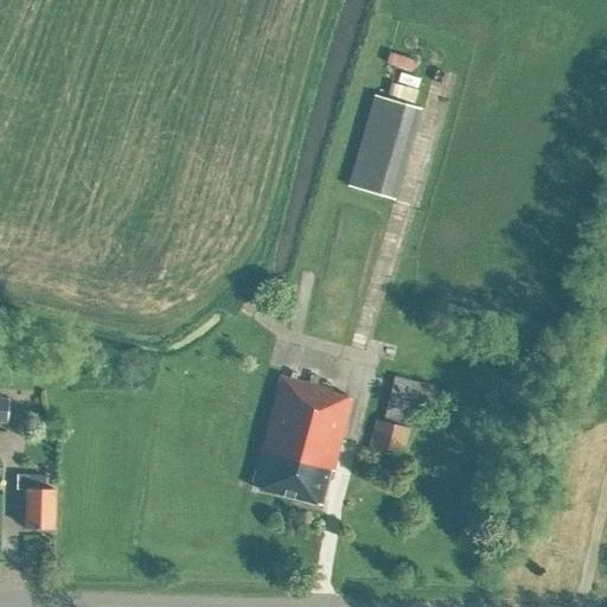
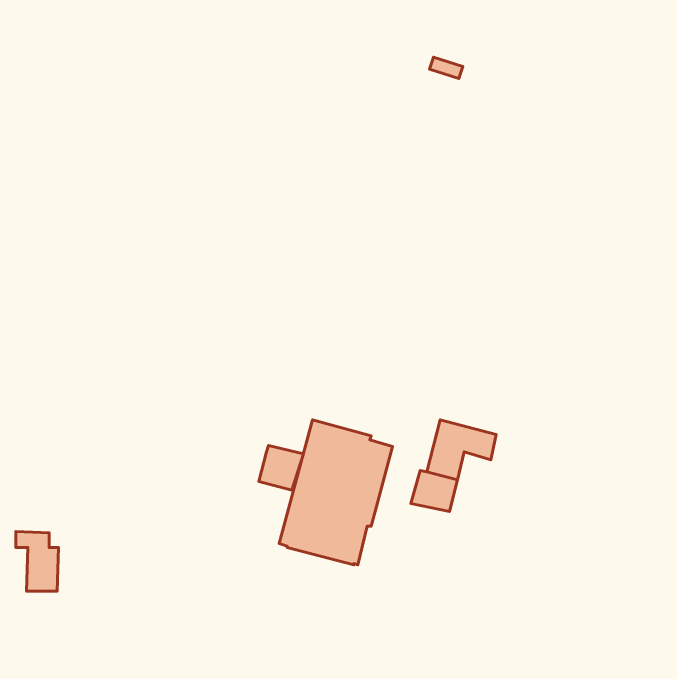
building: [347,94,424,200] -> none
building: none -> [259,445,303,490]

